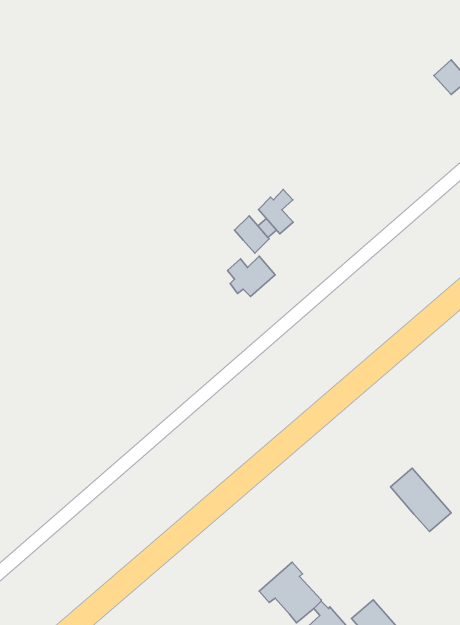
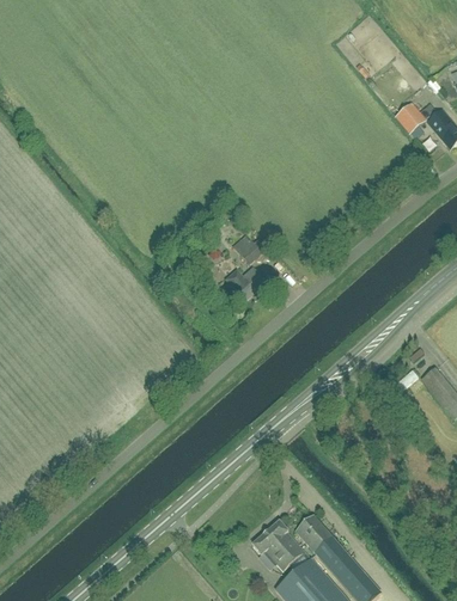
building: [258,189,293,234] -> none
building: [391,468,451,532] -> [295,515,346,568]

